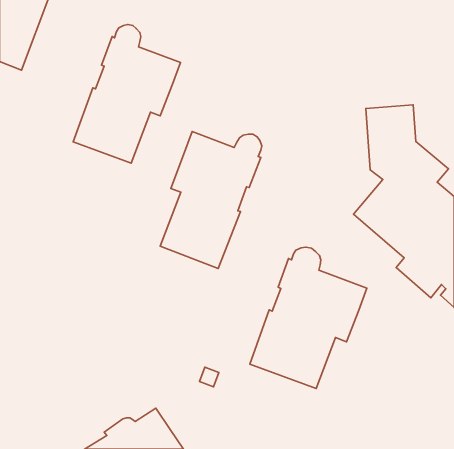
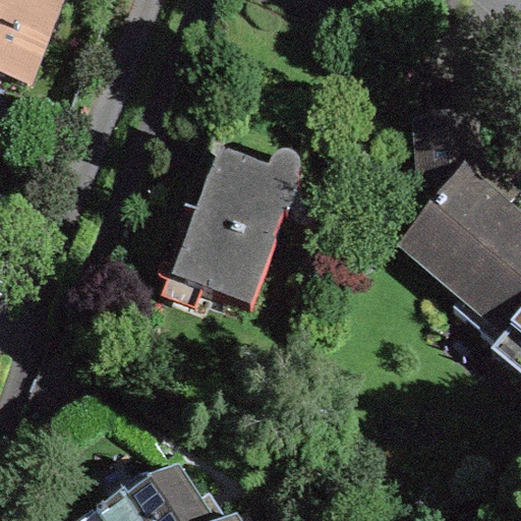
building: [73,25,180,163] -> none
building: [250,247,367,389] -> none

